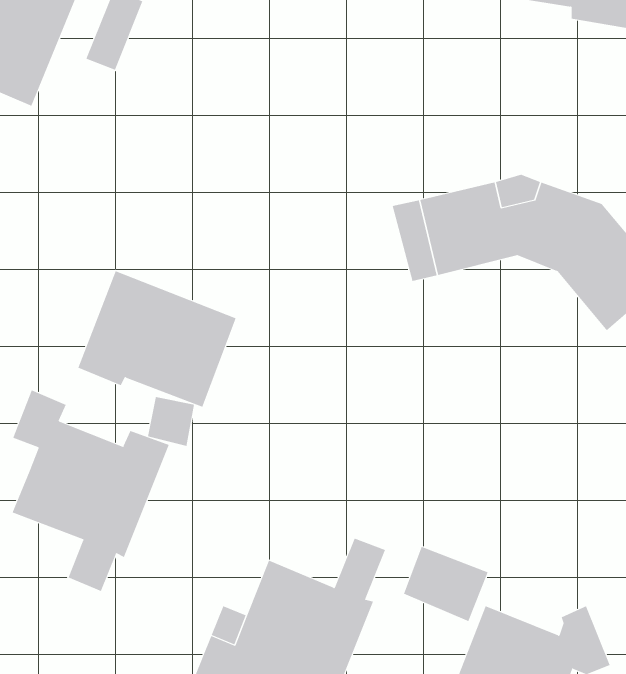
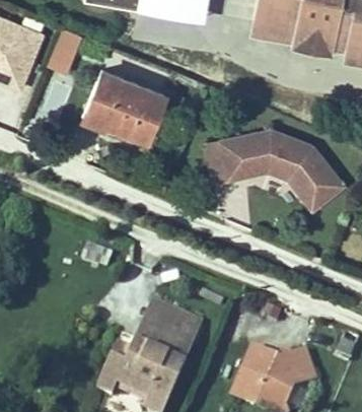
building: [78,270,237,408] -> [83,73,164,143]
building: [12,389,169,592] -> none
building: [403,546,489,622] -> [141,301,185,340]

